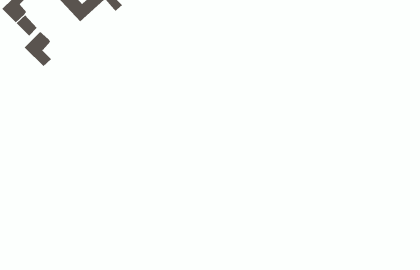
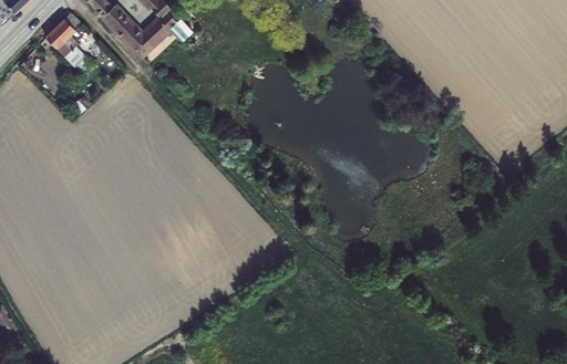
building: [24,31,52,67] -> none

